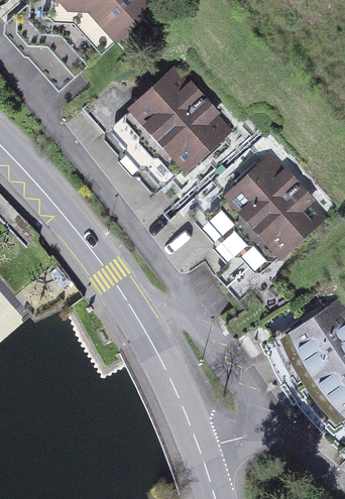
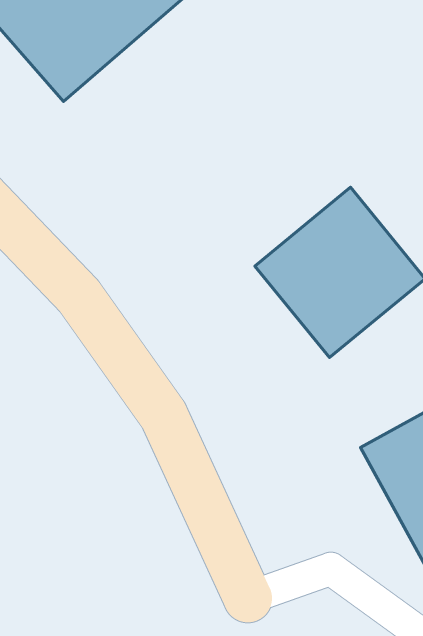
building: [108,65,235,191] -> none

